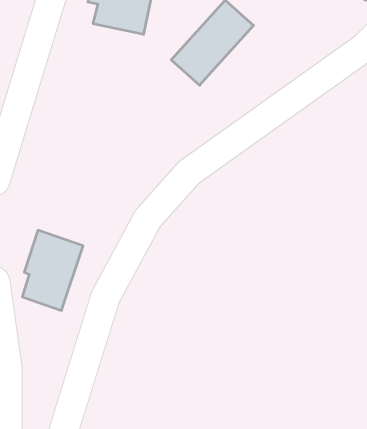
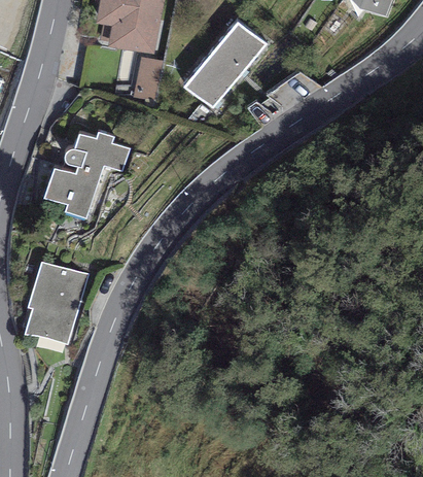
building: none -> [133,57,163,105]
building: none -> [43,130,132,220]

